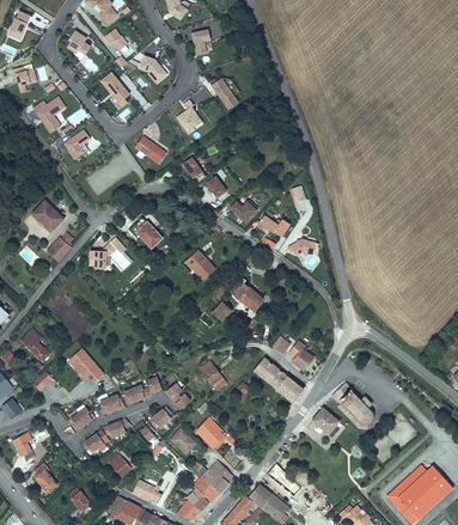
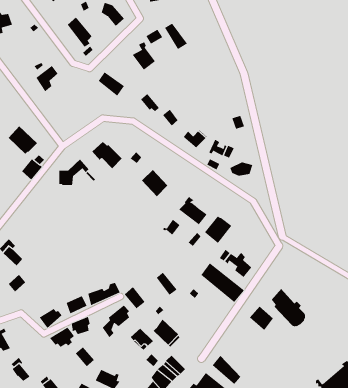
building: [31,96,65,133] -> none
building: none -> [204,215,232,244]
building: [68,347,104,381] -> none

